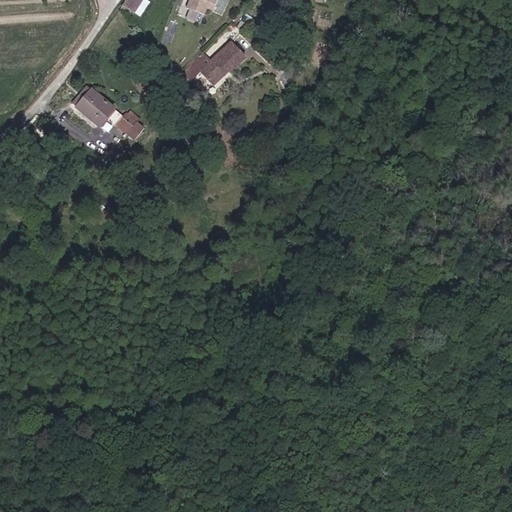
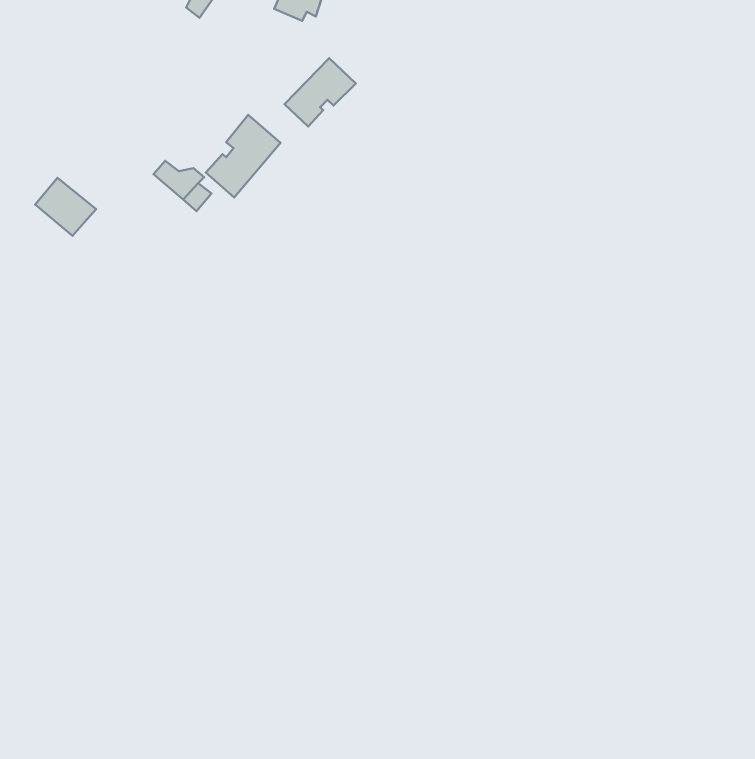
building: none -> [206,115,281,197]
building: [74,87,115,126] -> [35,178,96,236]

